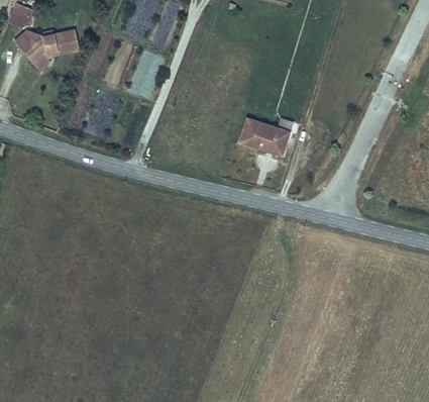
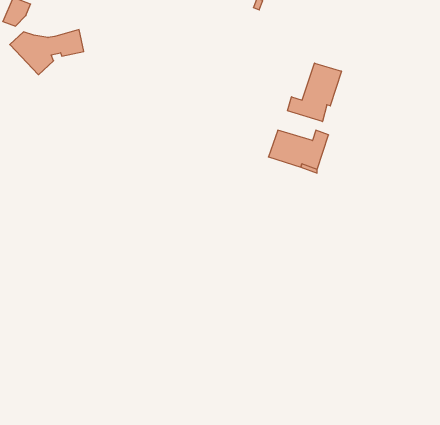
building: none -> [288,63,341,122]

